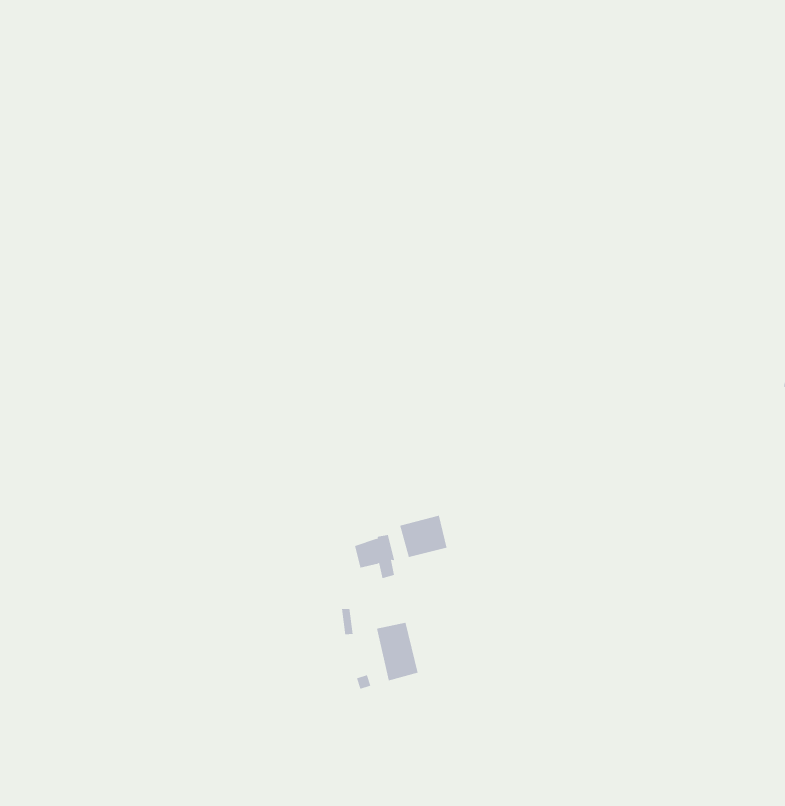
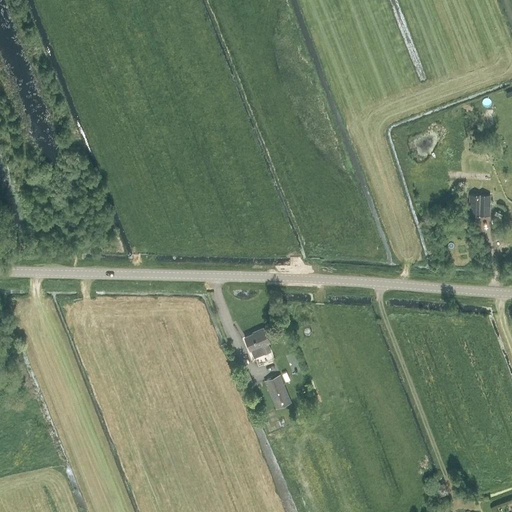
building: [400,515,447,558] -> none

